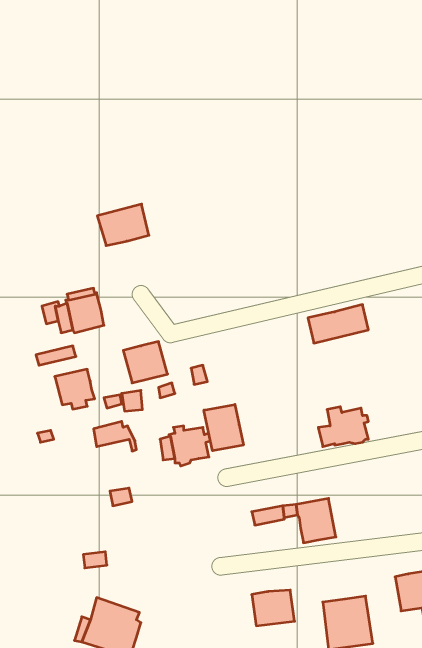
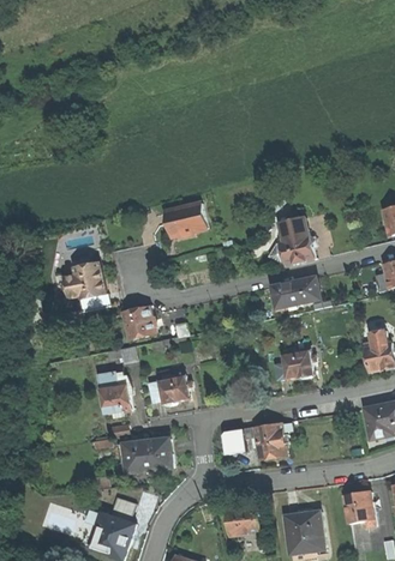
building: [97,204,149,246] -> [164,212,207,246]
building: none -> [279,228,315,261]
building: [55,369,95,409] -> [98,381,131,414]
building: [204,404,243,451] -> none
building: none -> [121,434,172,466]

